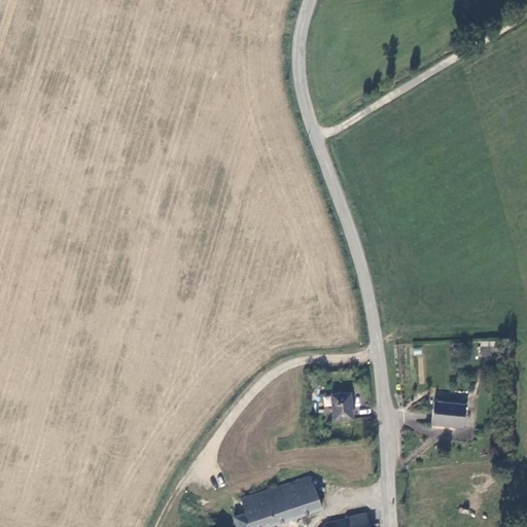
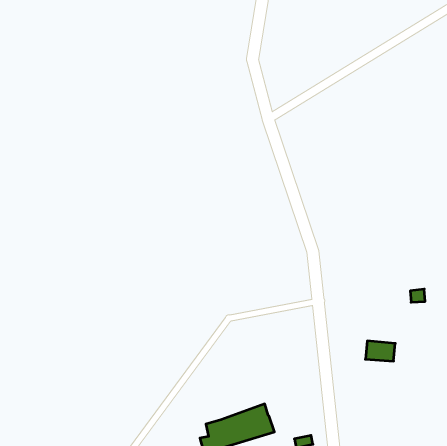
building: [326,393,348,422] -> none

